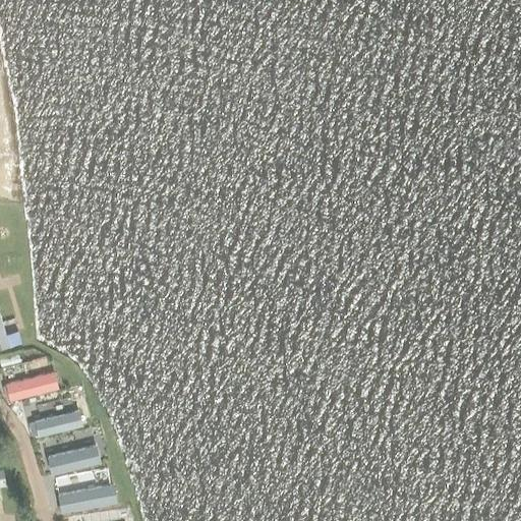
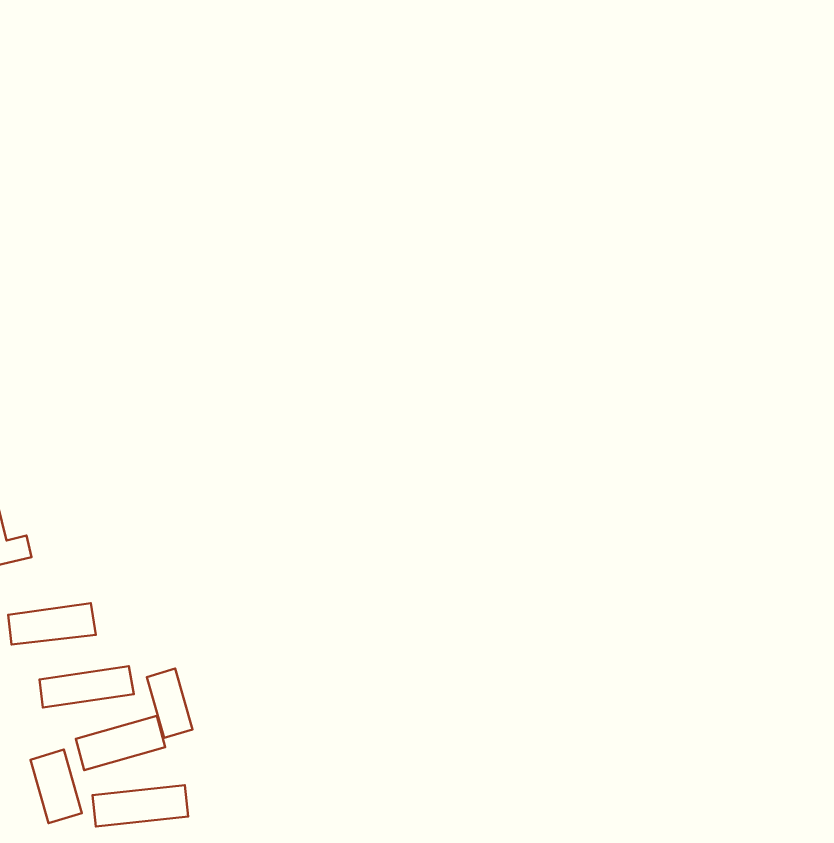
building: none -> [147,669,193,738]
building: none -> [30,750,82,823]

